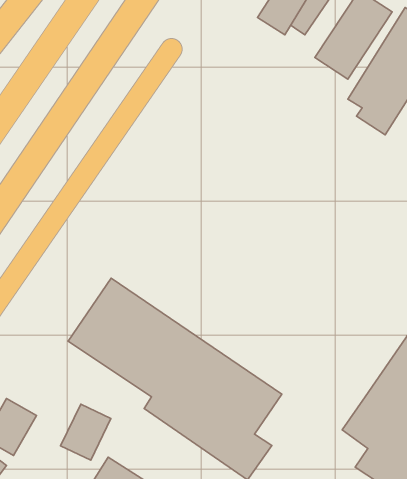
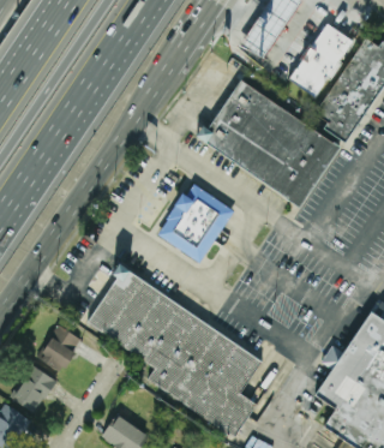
building: none -> [190,74,338,209]
building: none -> [154,181,234,263]
building: [61,404,111,460] -> [40,325,82,372]

